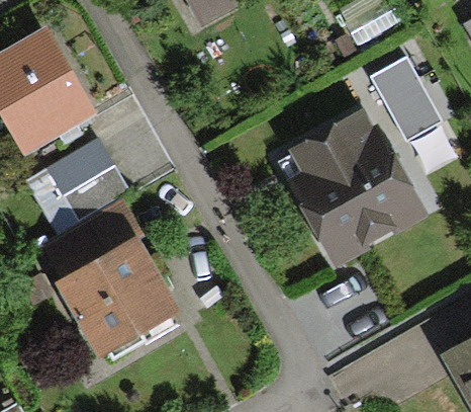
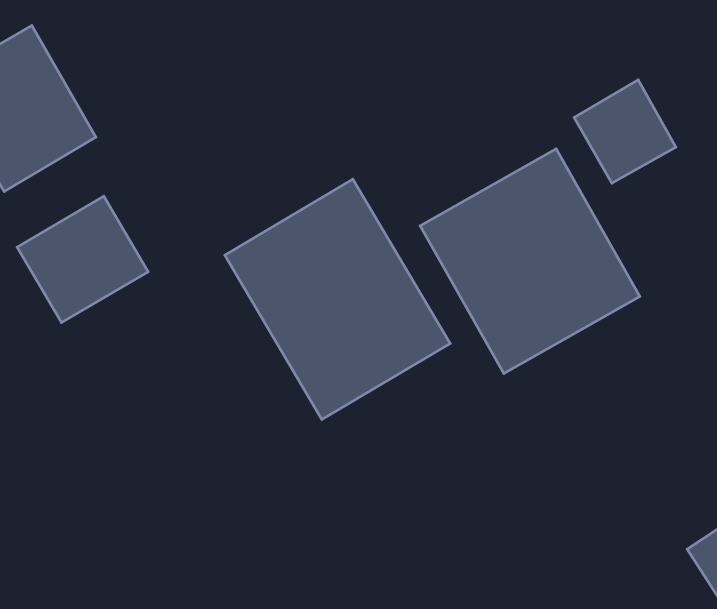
building: none -> [225,179,450,420]
building: [48,207,180,352] -> none

